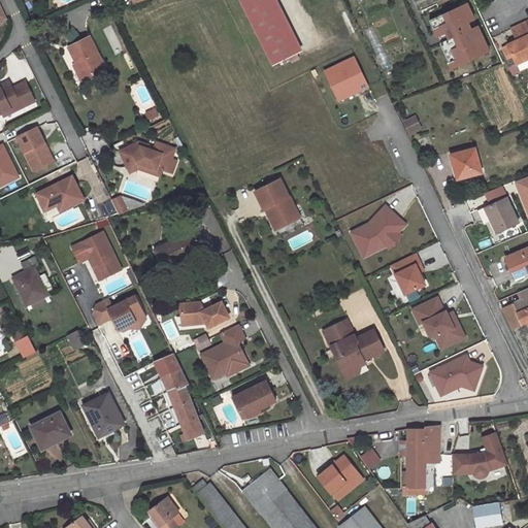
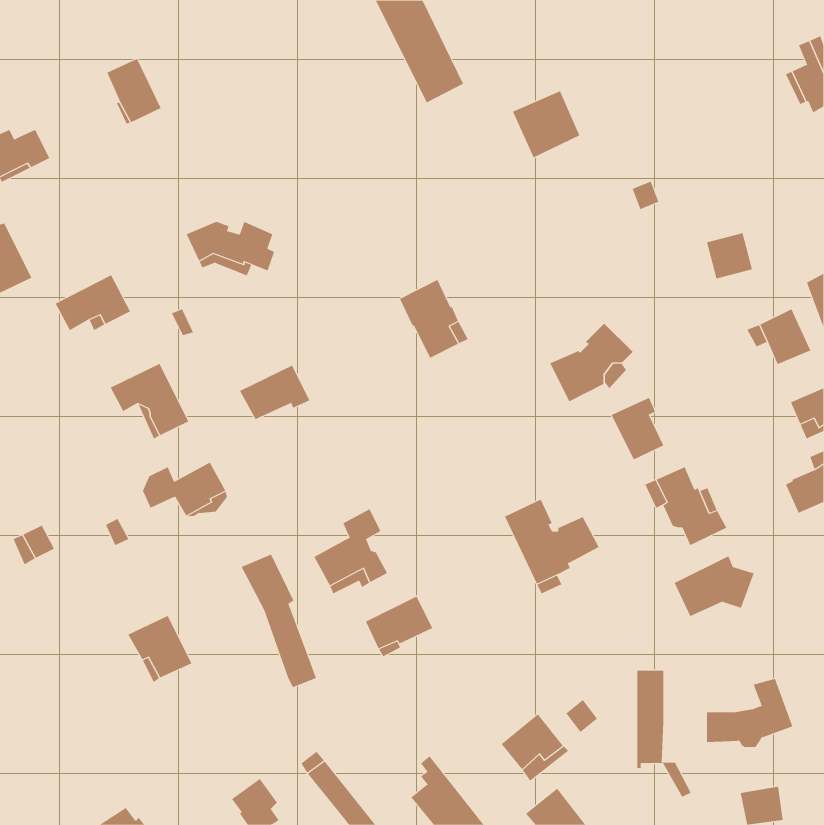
building: [432,6,490,68] -> none
building: [16,128,54,171] -> none
building: [12,256,52,309] -> none
building: [180,301,229,327] -> none
building: [30,412,69,449] -> none
building: [424,425,438,461] -> none
building: [242,470,277,512] -> none

